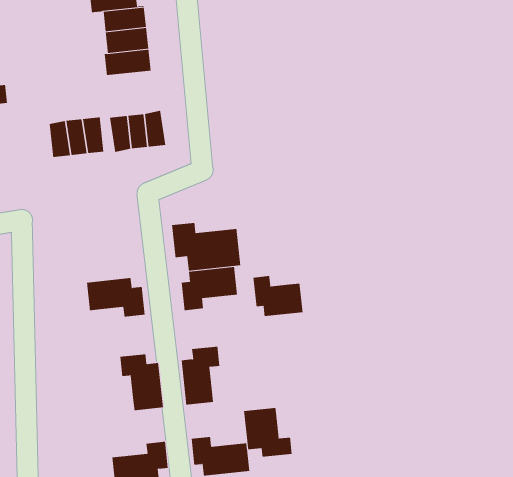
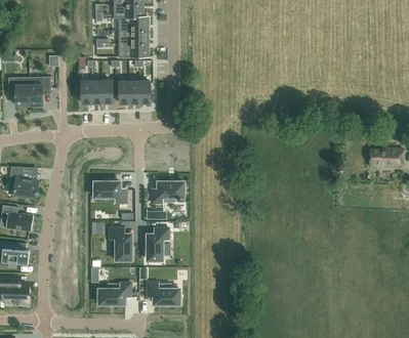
building: [172,222,241,271] -> none
building: [253,275,303,317] -> none
building: [244,407,292,458] -> none

